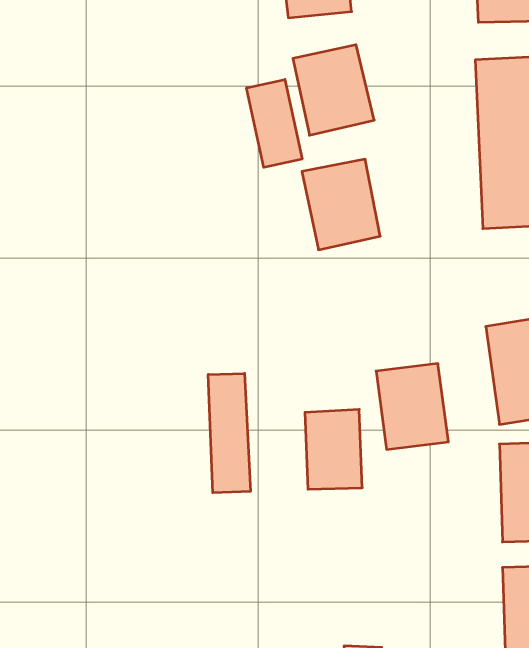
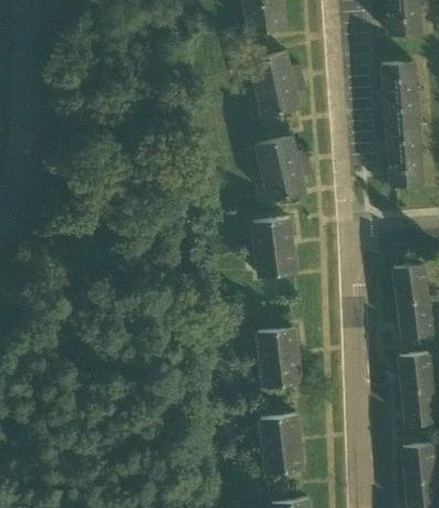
building: [247,79,302,167] -> none
building: [376,364,448,449] -> [251,220,304,283]
building: [208,373,250,493] -> none
building: none -> [258,409,302,469]

